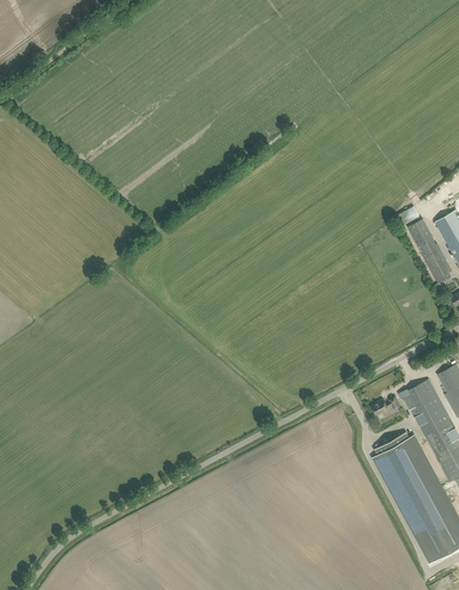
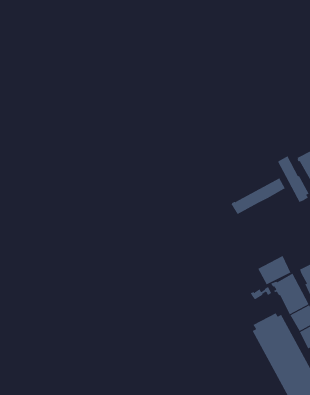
building: none -> [230,178,286,215]
building: none -> [258,255,291,285]

